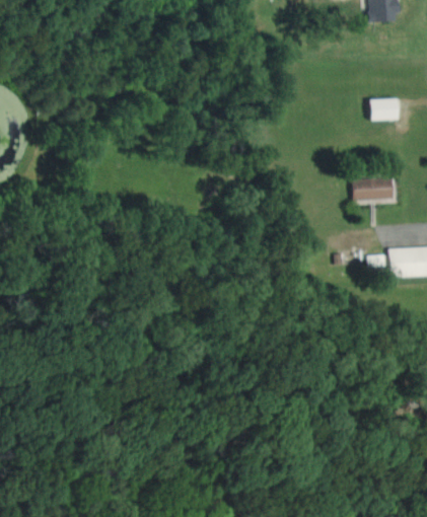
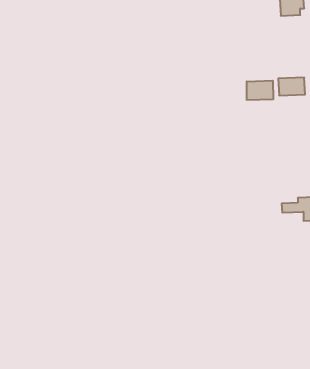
building: none -> [247,81,273,100]
building: [352,180,393,199] -> none

